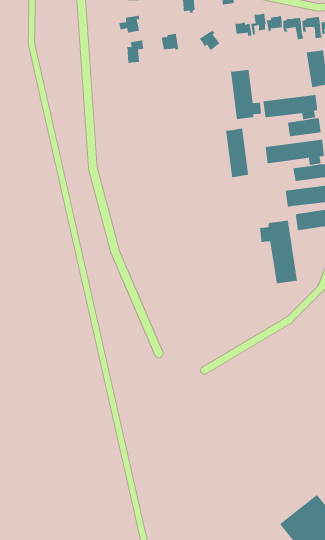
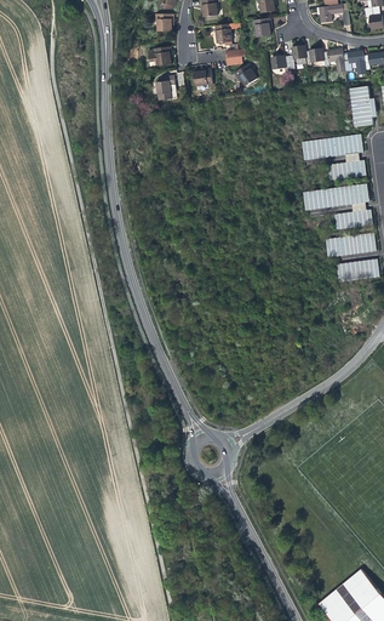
building: [230,69,261,120] -> none
building: [225,128,249,178] -> none
building: [260,220,297,284] -> none

